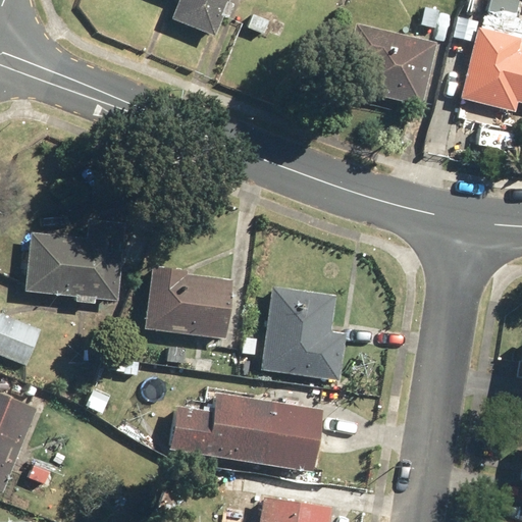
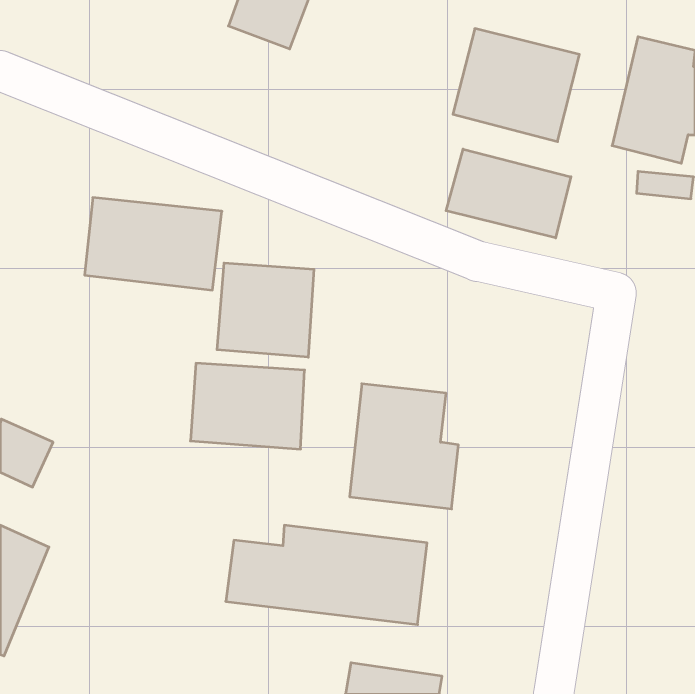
building: none -> [446,149,571,238]
building: none -> [217,263,314,357]
building: [24,231,127,301] -> [85,198,222,290]

